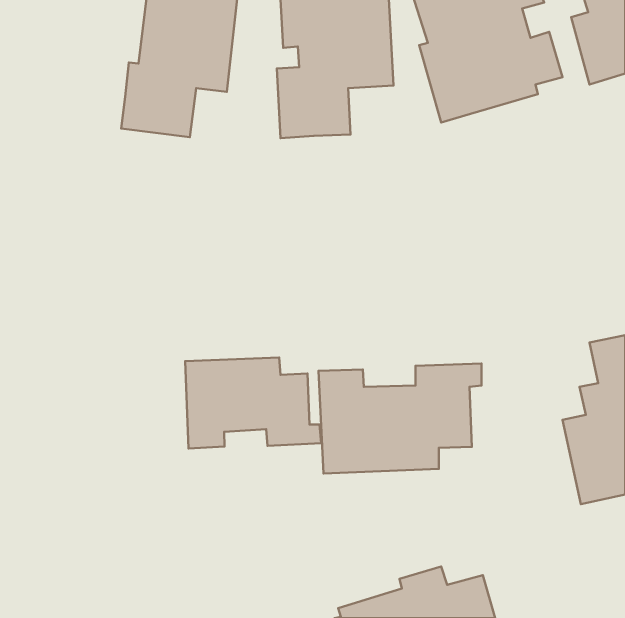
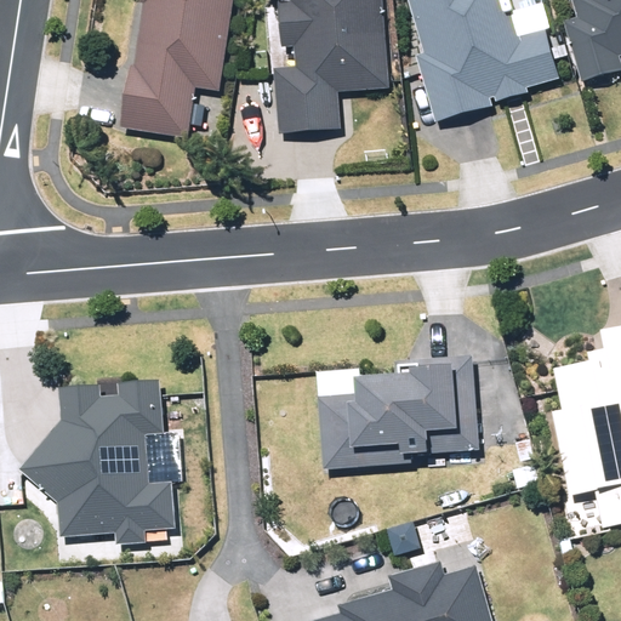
building: [185,357,321,449] -> none
building: none -> [23,381,177,540]

